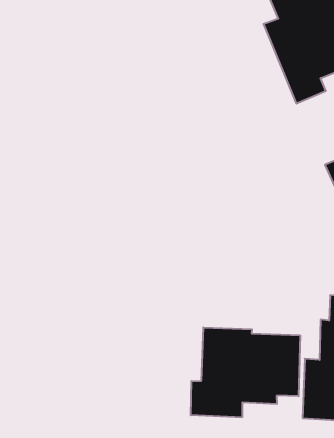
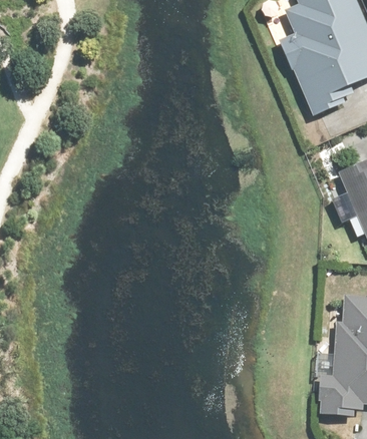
building: [191,327,300,417] -> none

